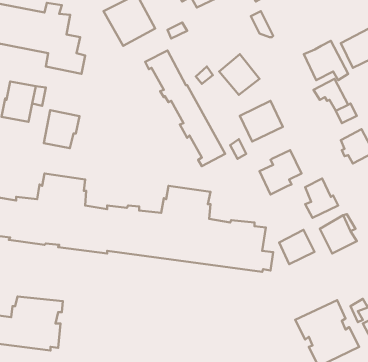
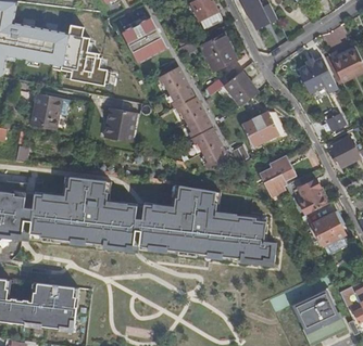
building: none -> [200,33,236,71]
building: [44,110,79,148] -> [104,107,136,141]
building: [279,230,314,264] -> none

